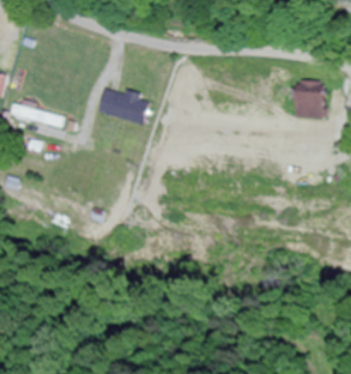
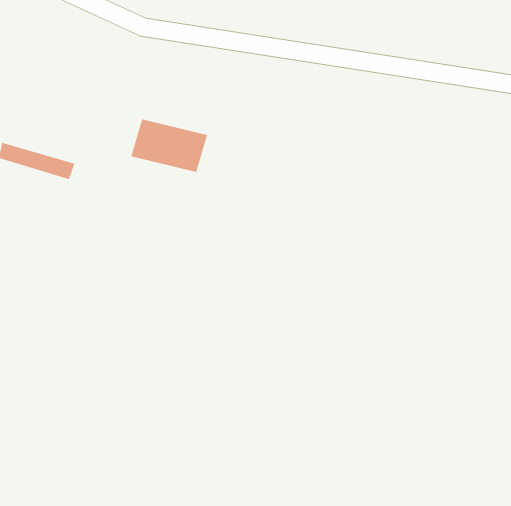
building: [293,79,322,116] -> none

